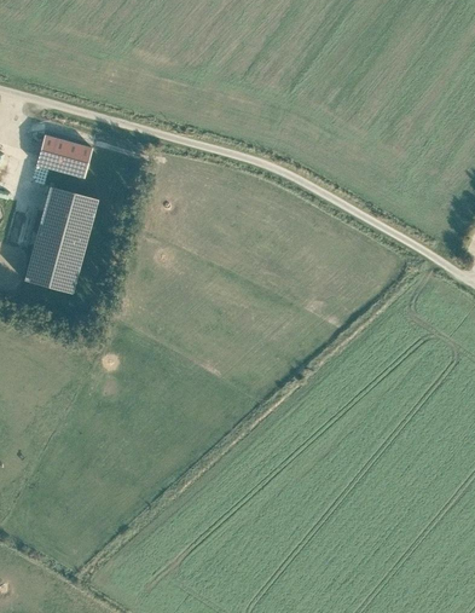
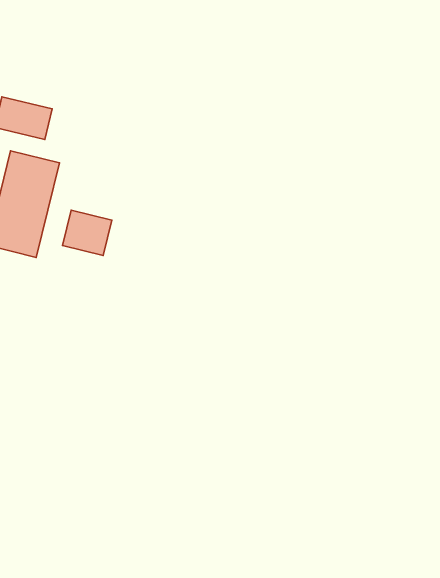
building: none -> [62,210,112,256]

